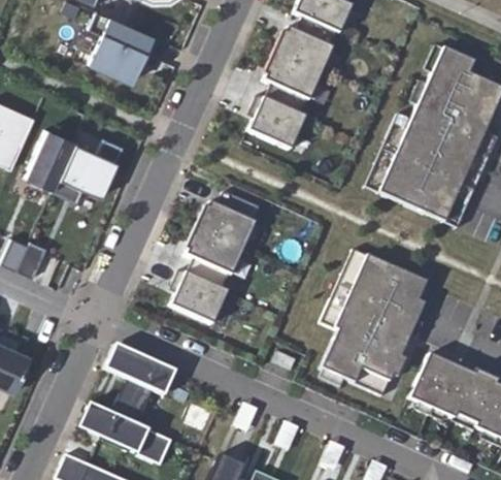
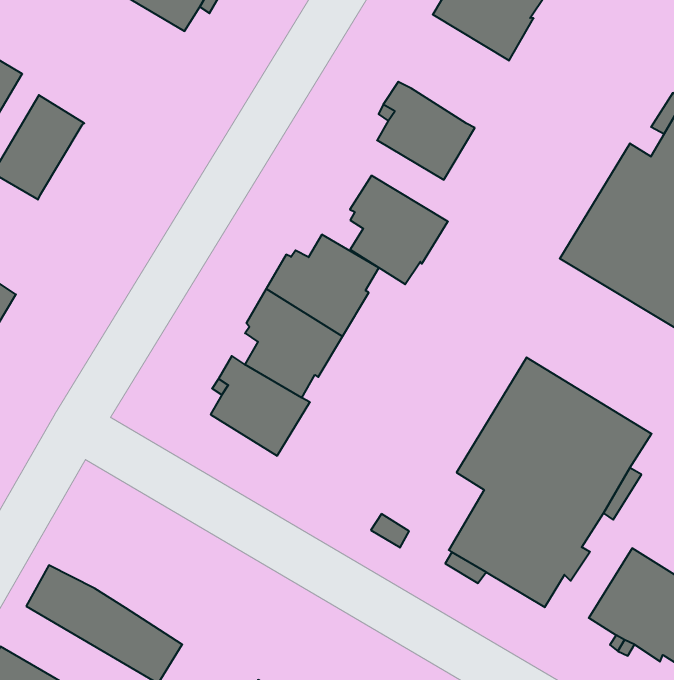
building: [264,52,323,114] -> [350,176,448,284]
building: [56,137,125,198] -> none
building: [106,346,178,425] -> none

